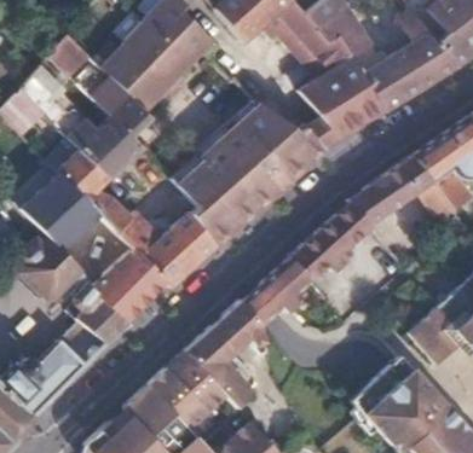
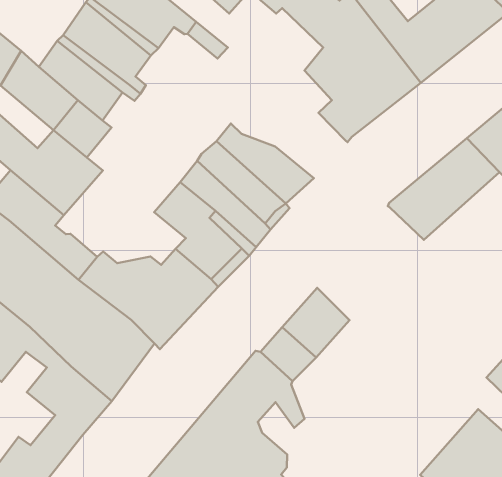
building: [240,104,324,172] -> none
building: [292,199,375,280] -> none

